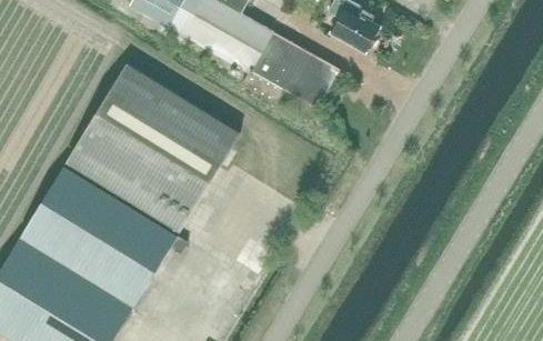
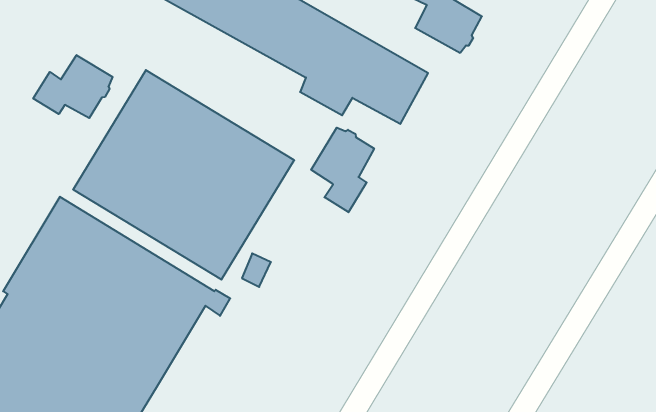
building: none -> [33,55,113,118]
building: none -> [311,128,374,212]

